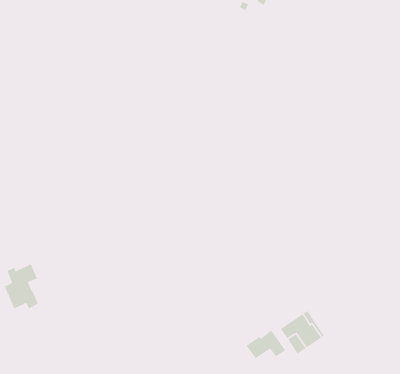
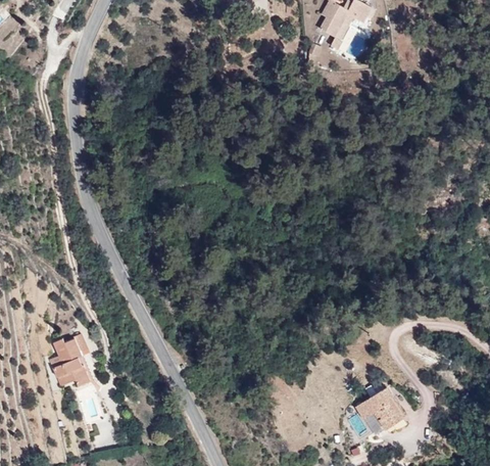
building: [246,330,286,359] -> none

